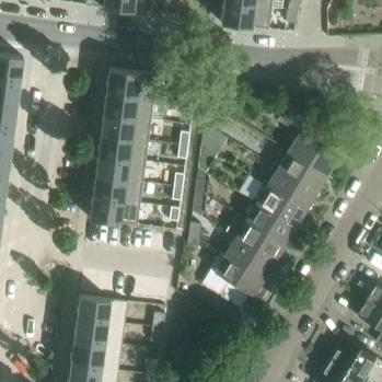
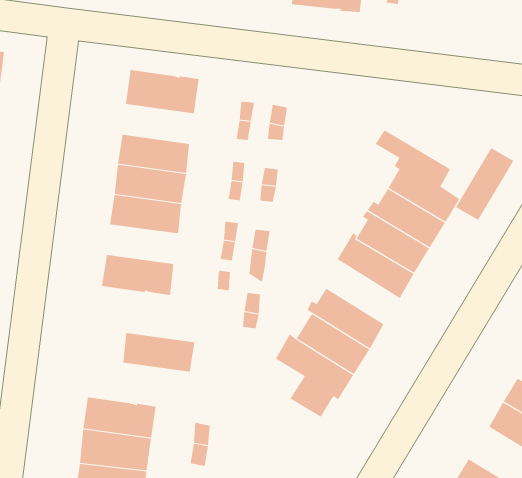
building: [104,92,165,120] -> none
building: none -> [455,147,514,221]
building: [93,175,143,202] -> [122,333,195,372]
building: [242,199,297,244] -> none

